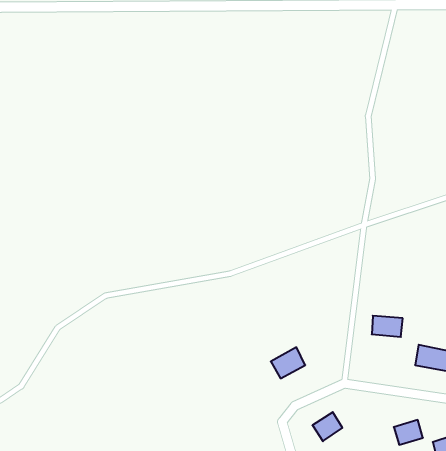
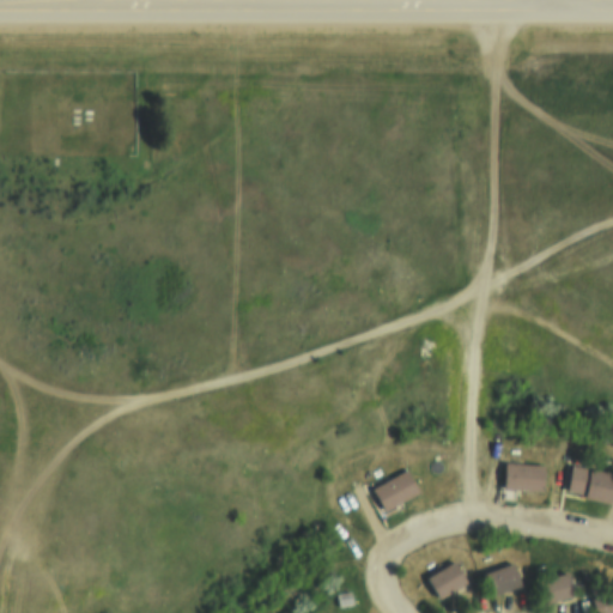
building: [372,316,403,337] -> [506,465,548,493]
building: none -> [485,560,526,596]

